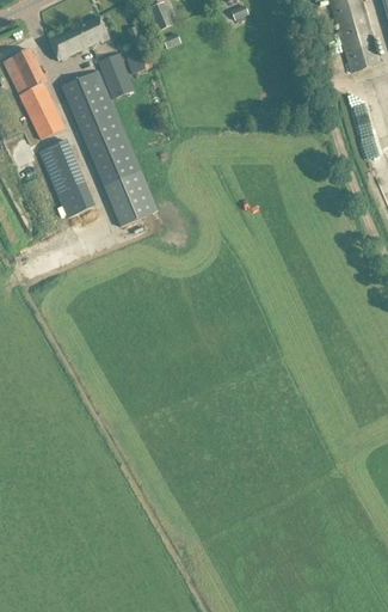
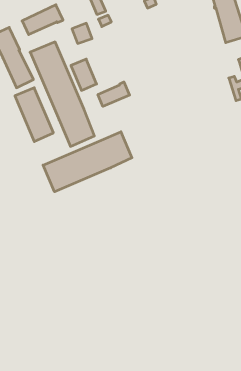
building: [96,50,134,97] -> [71,59,97,90]
building: none -> [98,82,130,106]
building: none -> [43,132,132,192]

